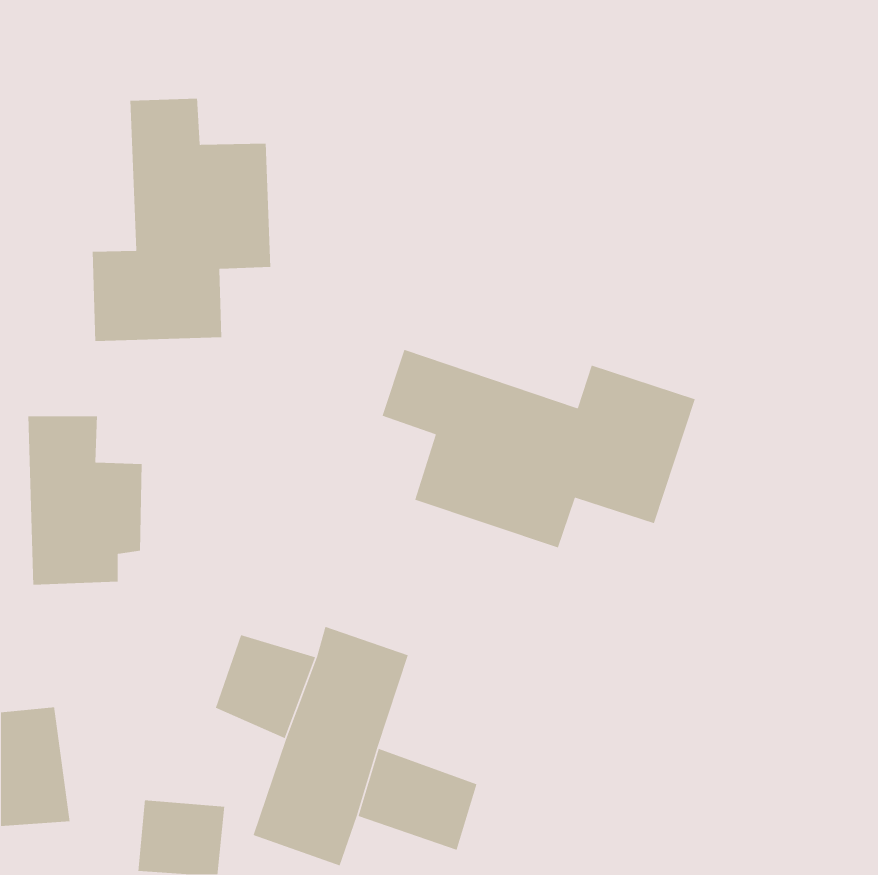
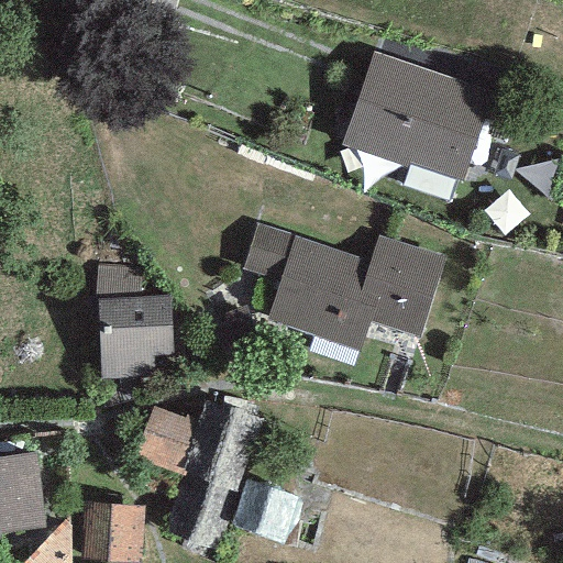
building: none -> [341,51,490,180]
building: [92,98,271,342] -> none
building: [27,415,143,586] -> [98,266,172,375]

